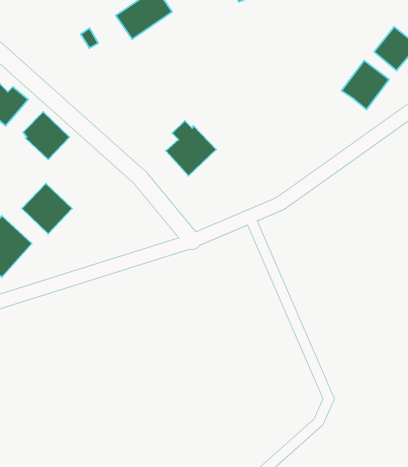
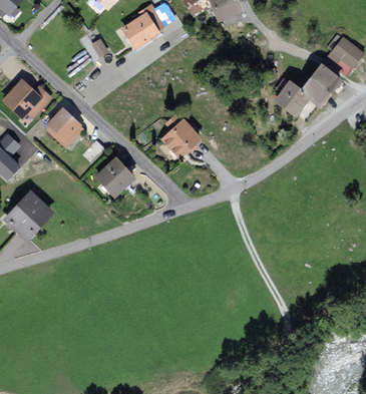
building: none -> [276,80,310,114]
building: [22,184,72,234] -> [95,156,135,196]

